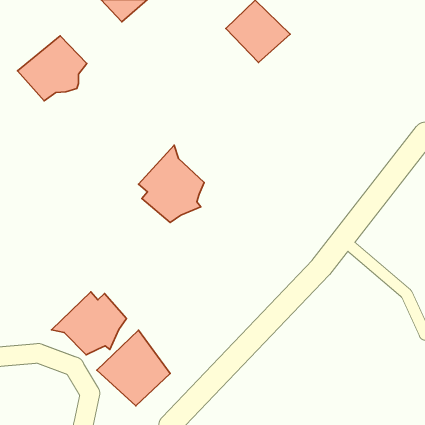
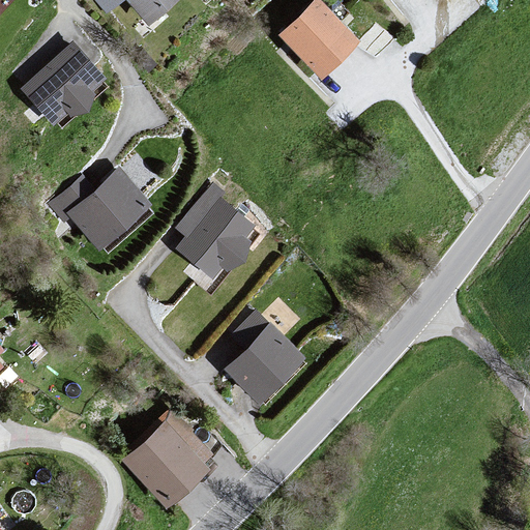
building: none -> [68,173,150,249]
building: none -> [230,311,303,399]
building: [51,292,127,355] -> none

